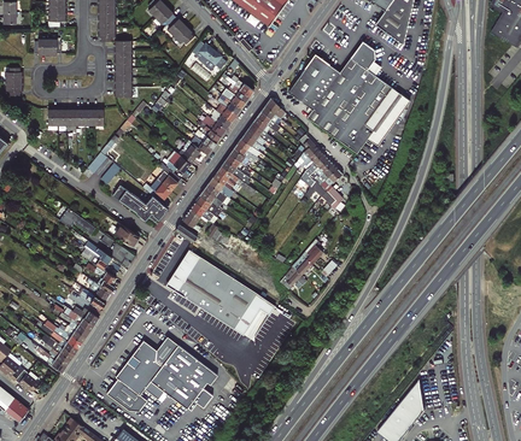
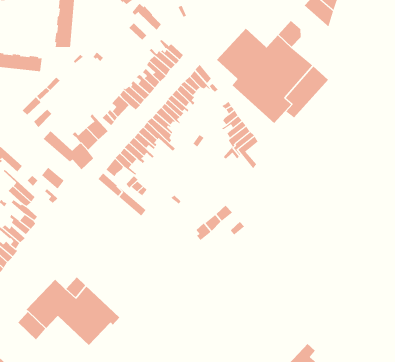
building: [164,248,274,335] -> none

